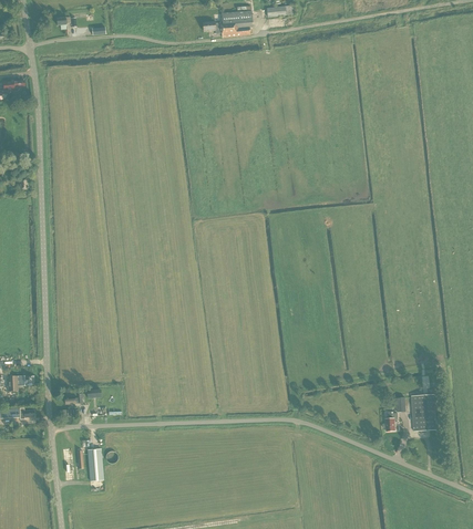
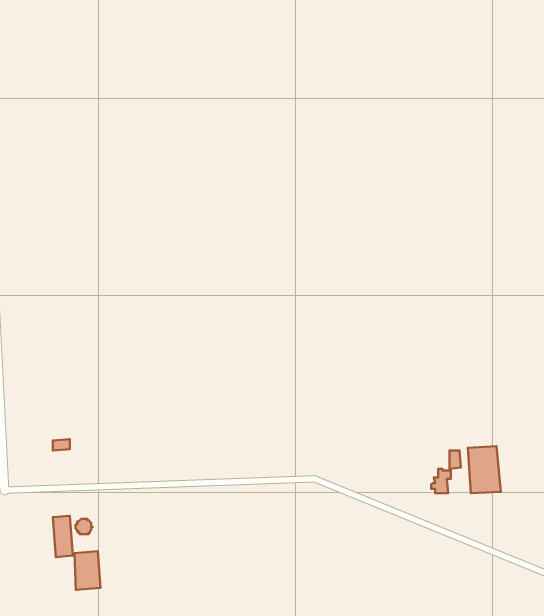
building: none -> [74,551,101,590]

